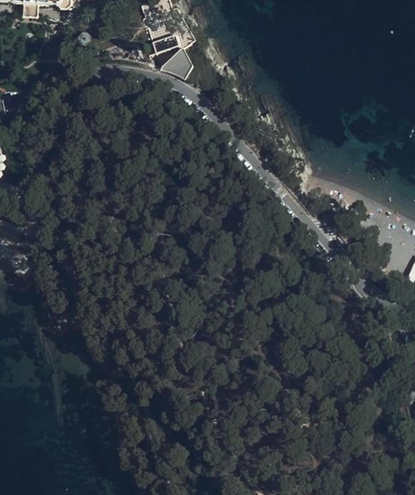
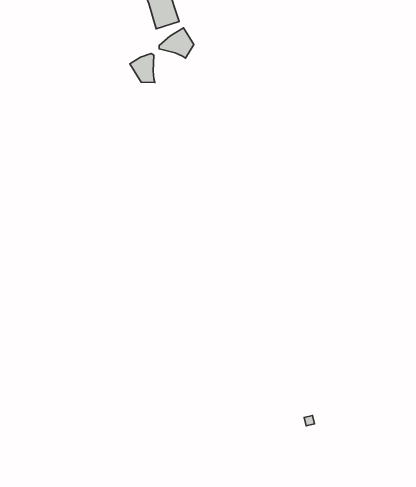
building: none -> [130,53,155,83]

